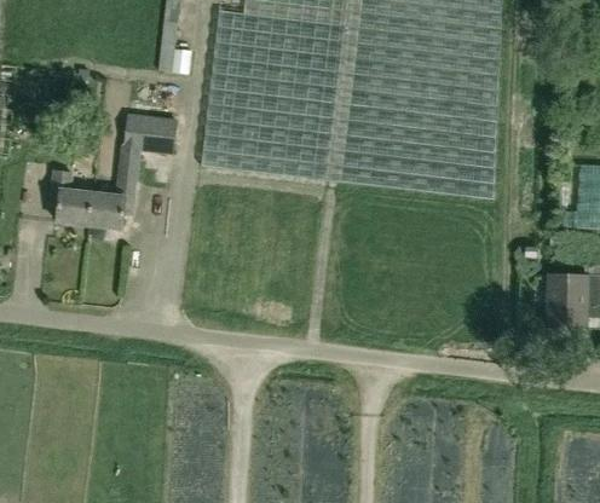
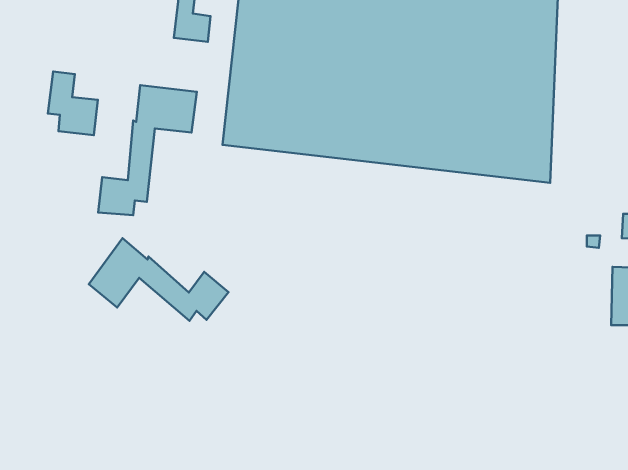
building: [48,169,93,226] -> [48,72,98,135]
building: none -> [89,238,228,321]

